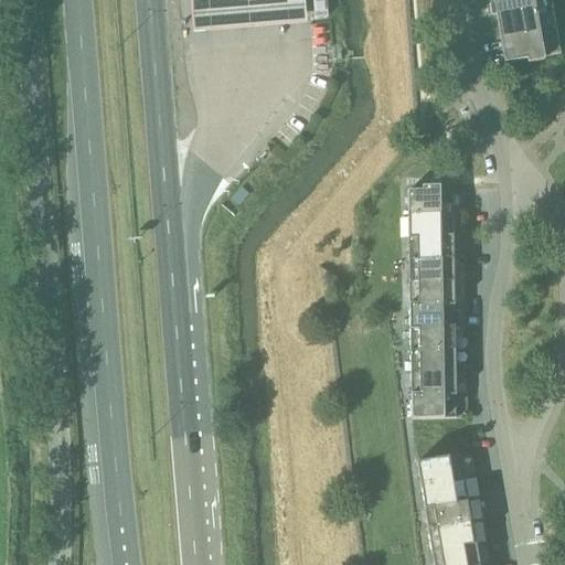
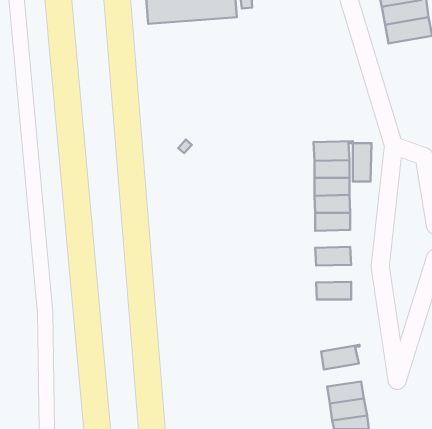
building: none -> [353,143,371,182]
building: [413,298,458,321] -> none
building: [414,343,459,366] -> none
building: [415,388,466,413] -> none
building: [424,471,472,501] -> none

